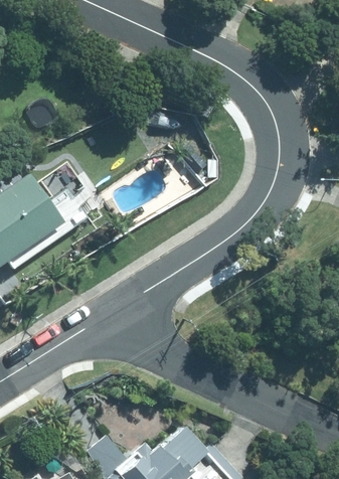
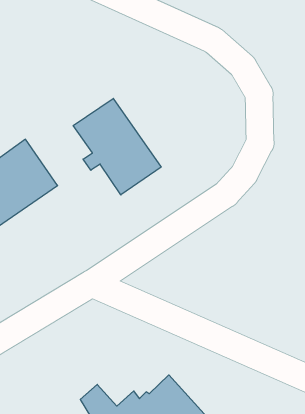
building: none -> [73,98,161,195]

